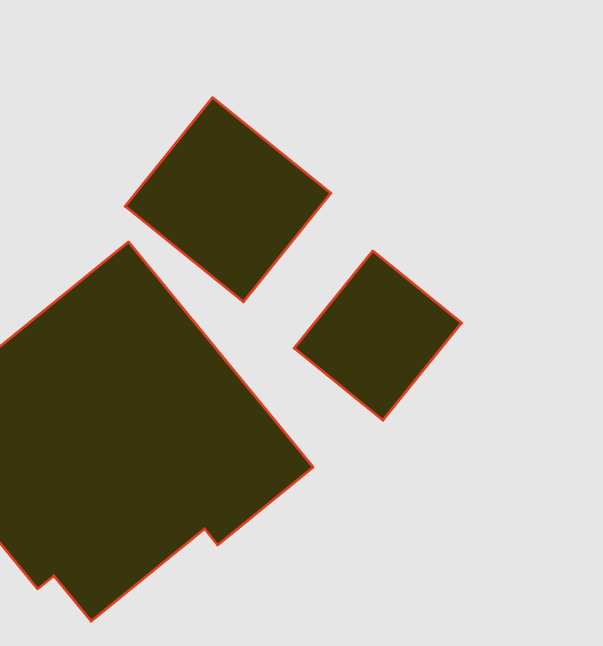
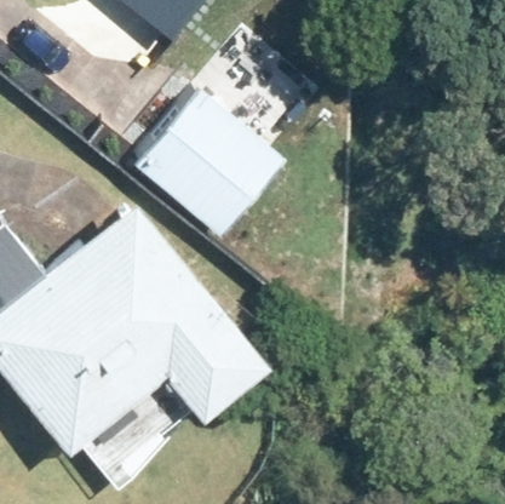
building: [294,251,462,420] -> none

